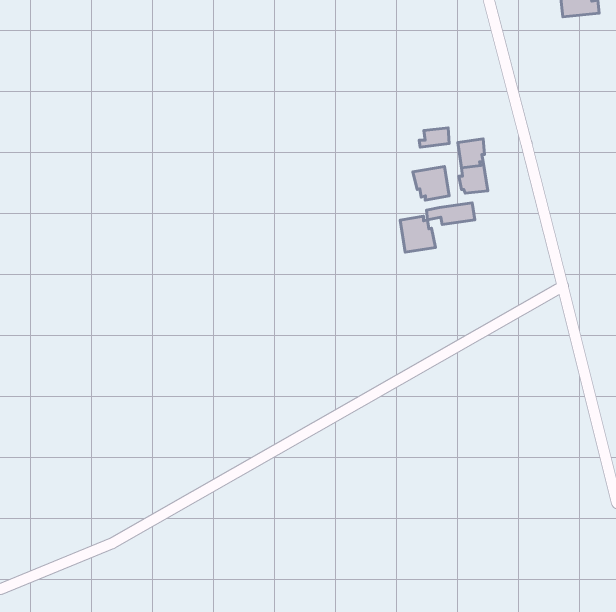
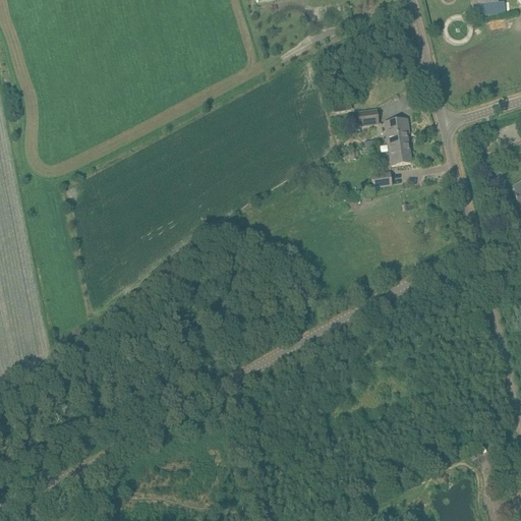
building: [413,167,449,200] -> none
building: [400,216,436,252] -> none

